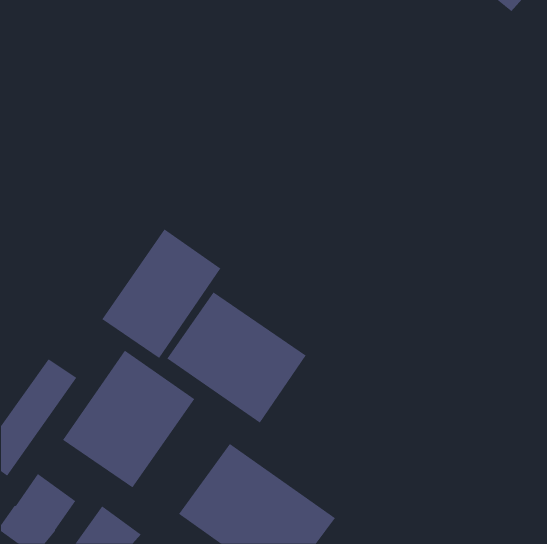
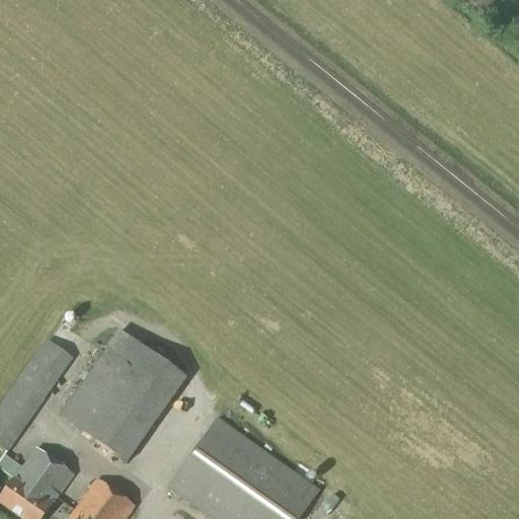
building: [102,228,221,359] -> none
building: [166,292,307,423] -> none

